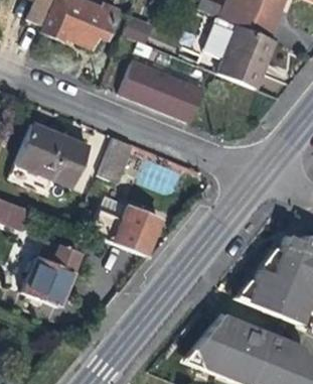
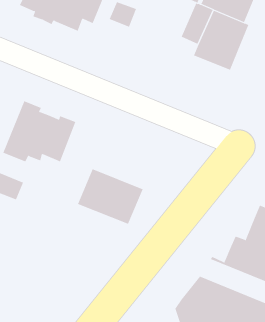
building: [120,60,205,123] -> none
building: [99,135,133,181] -> none
building: [23,238,81,306] -> none

